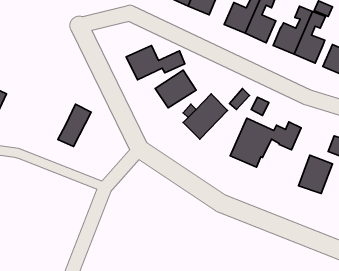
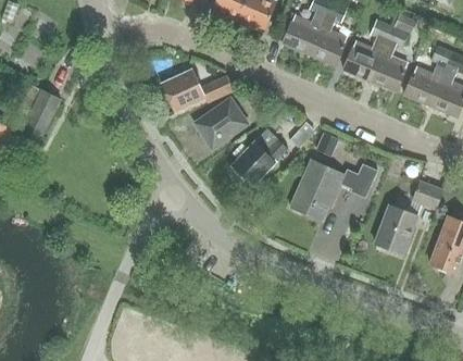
building: [58,104,91,146] -> [18,89,60,141]

